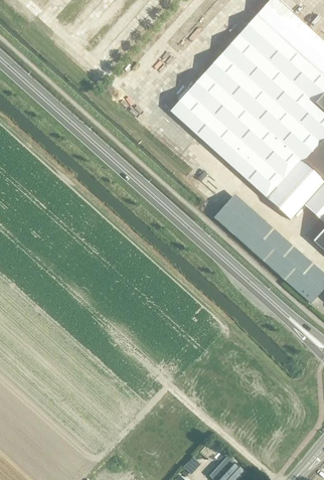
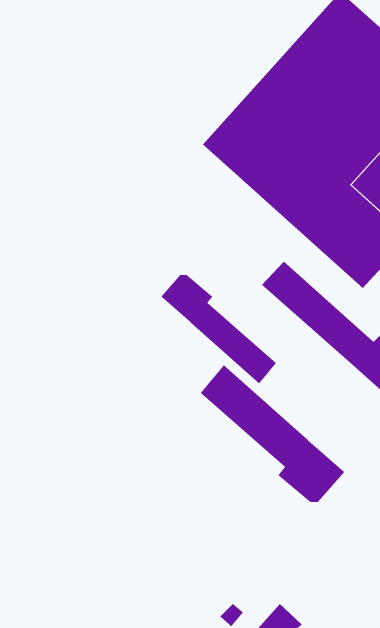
building: none -> [160,274,277,384]
building: none -> [200,364,345,503]

